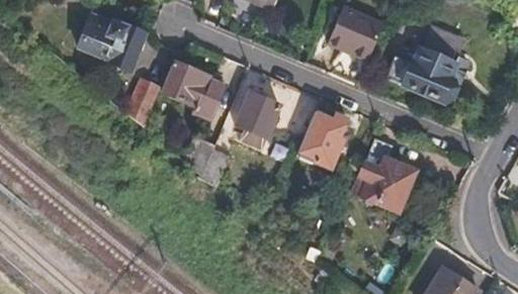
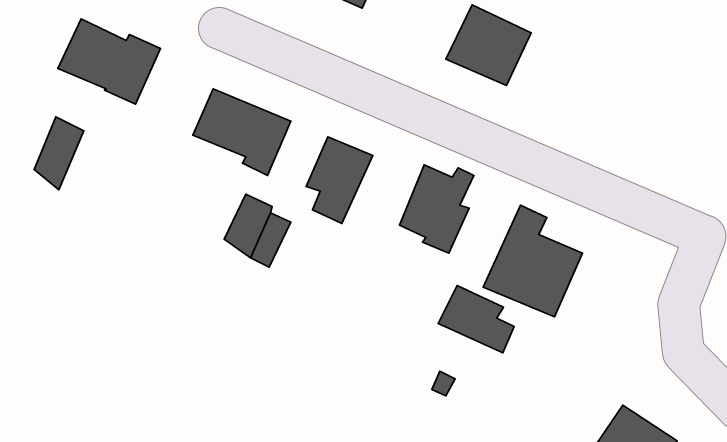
building: [385,20,467,99] -> none
building: [127,80,160,127] -> [34,117,84,190]
building: none -> [438,285,514,353]

